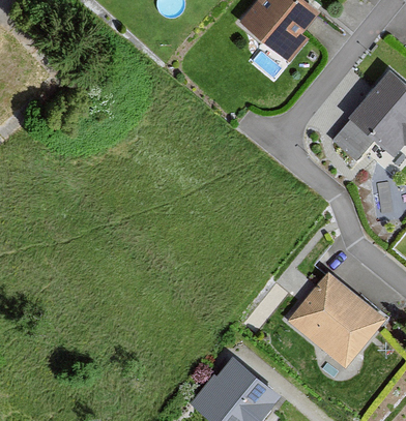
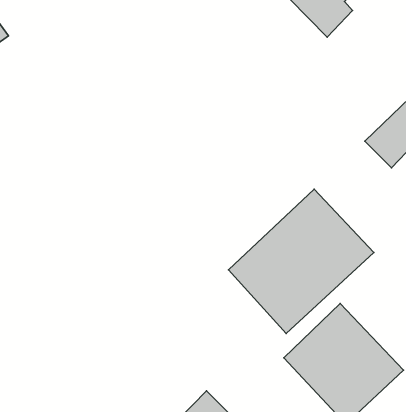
building: none -> [228,189,374,333]

